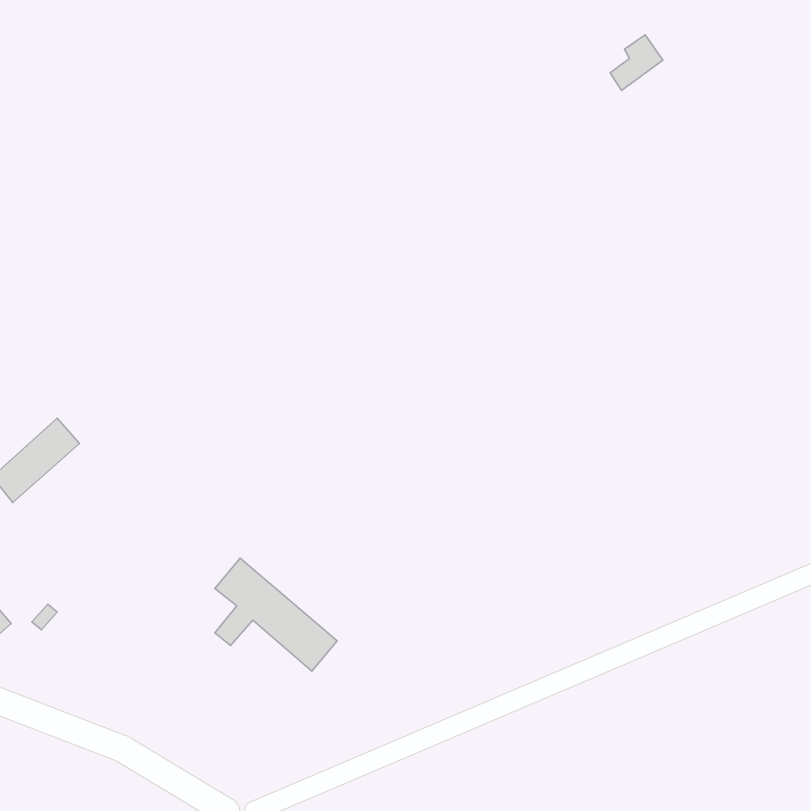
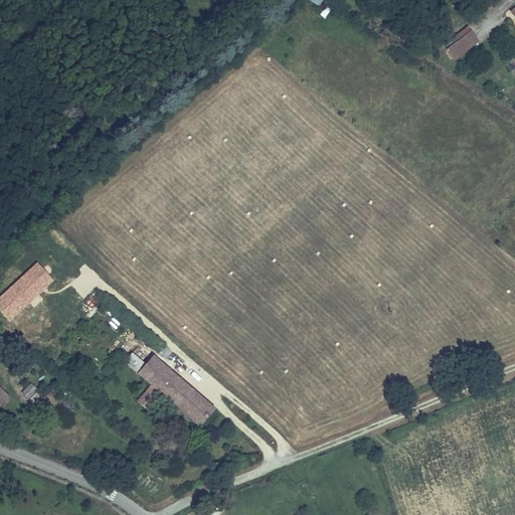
building: [610,35,663,90] -> [445,25,478,60]

